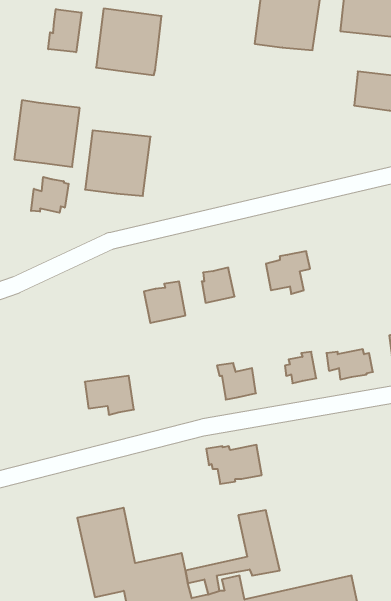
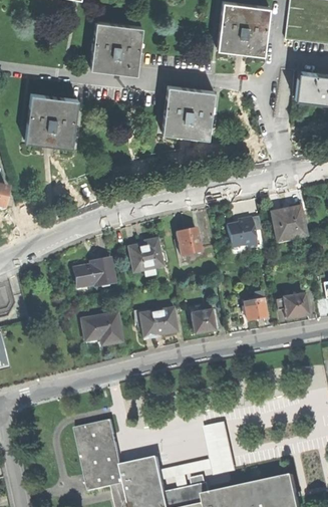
building: [48,9,82,52] -> none
building: [85,130,151,196] -> [162,86,215,139]
building: [31,177,69,213] -> none
building: none -> [272,207,305,241]
building: none -> [74,258,115,286]
building: [206,445,262,484] -> [133,307,178,338]

